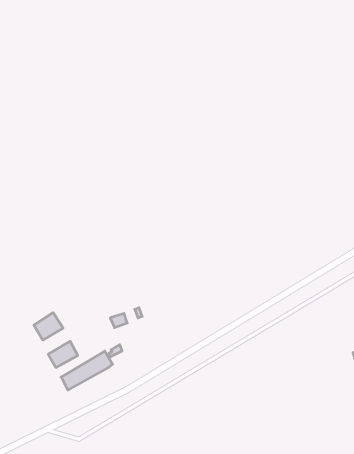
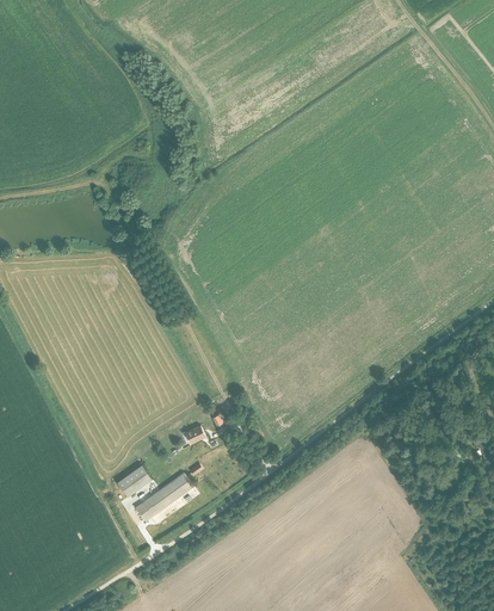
building: [34,313,63,340] -> none

